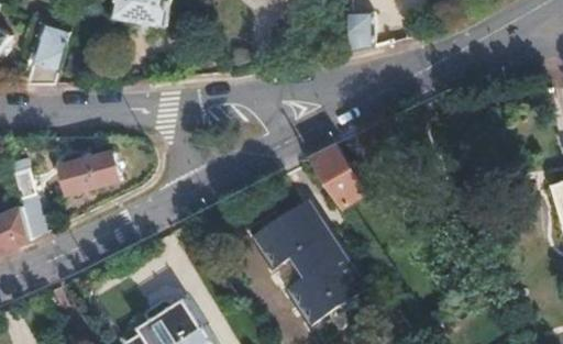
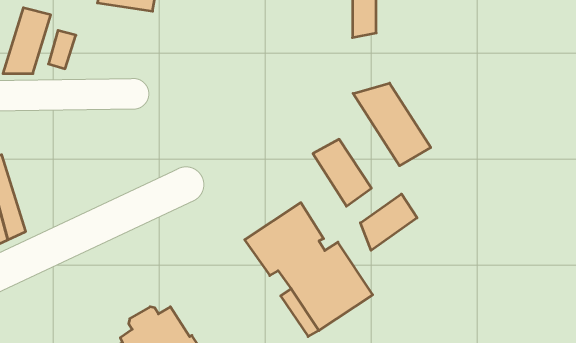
building: none -> [353,83,431,166]
building: [62,152,120,193] -> none
building: none -> [360,194,417,250]

